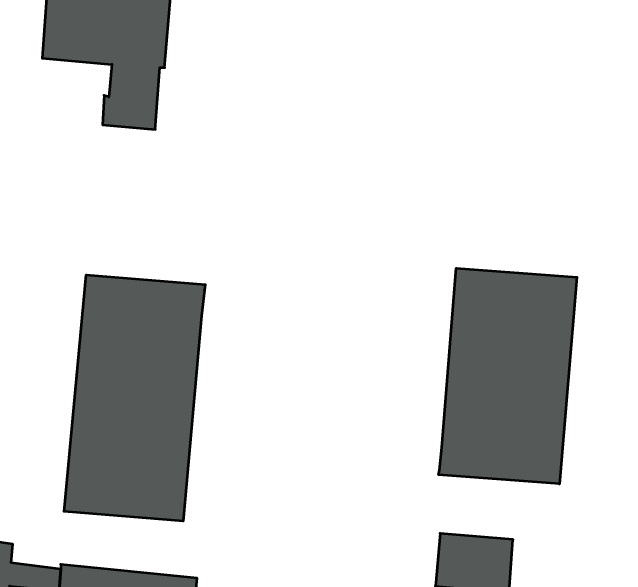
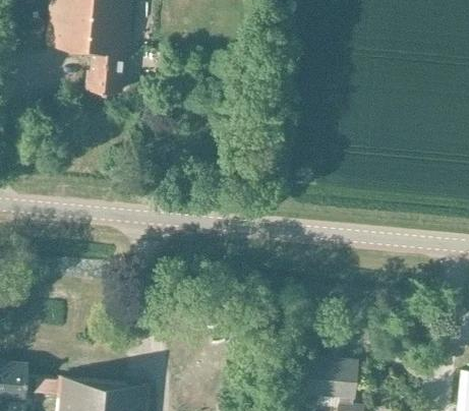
building: [439,268,577,484] -> none
building: [64,275,205,521] -> none

